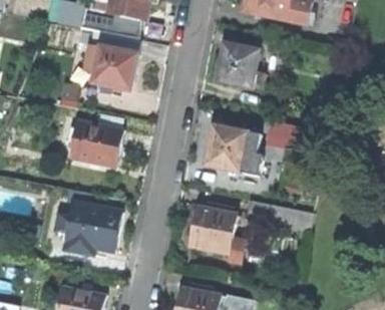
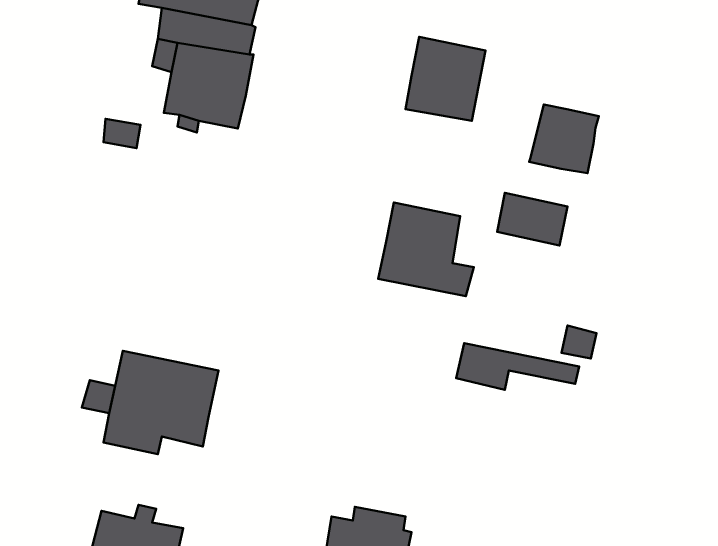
building: none -> [529,104,599,173]
building: [66,113,121,168] -> none
building: [188,208,245,265] -> none

